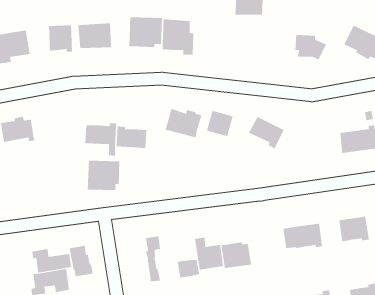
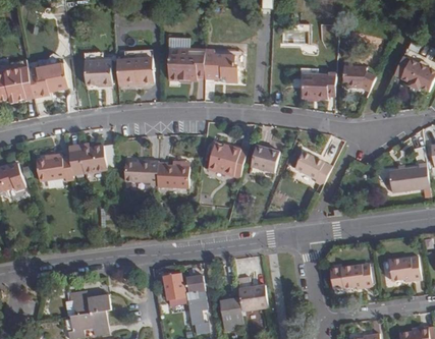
building: none -> [301,71,335,97]
building: none -> [67,145,106,174]
building: [87,160,120,191] -> none
building: [221,241,251,269] -> none
building: [69,245,93,277] -> [163,273,188,305]

